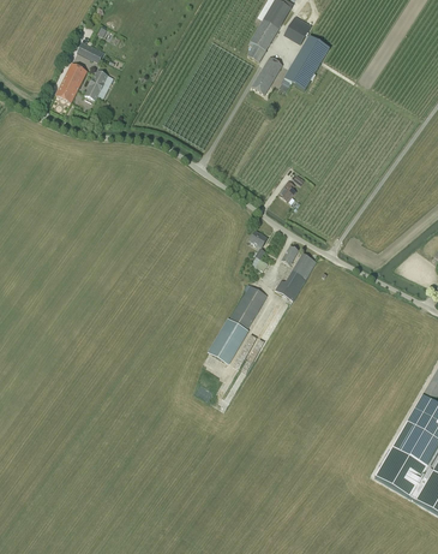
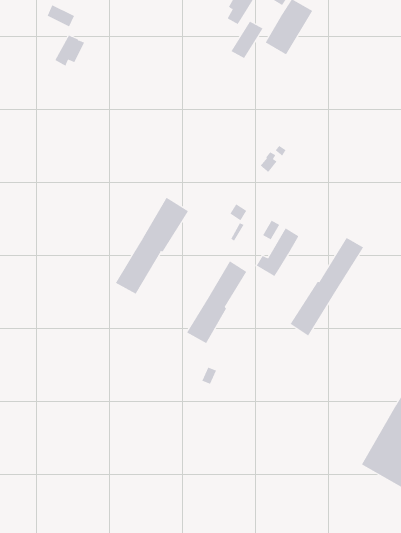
building: [56,62,88,102] -> none
building: none -> [115,197,189,295]
building: none -> [290,237,364,336]

